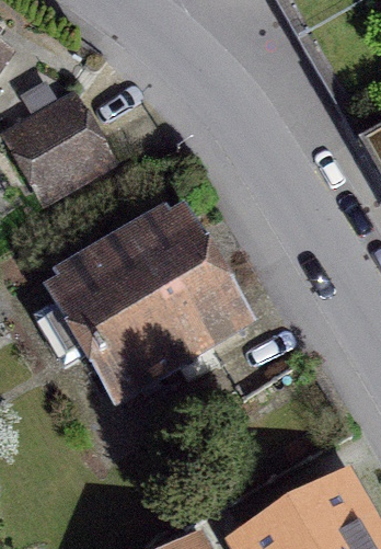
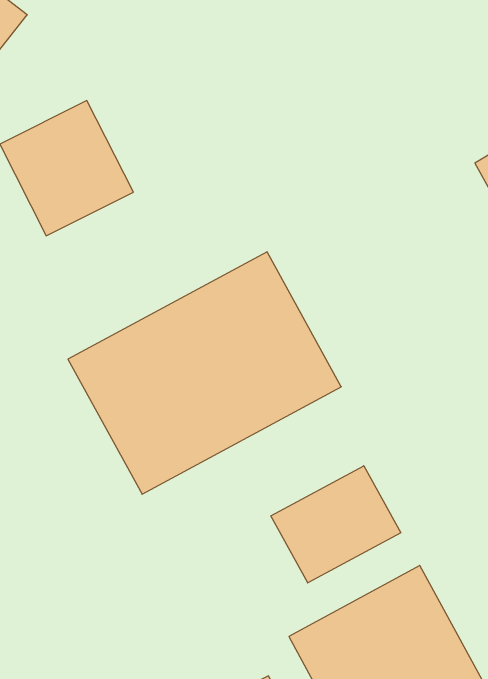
building: none -> [271,466,401,583]

